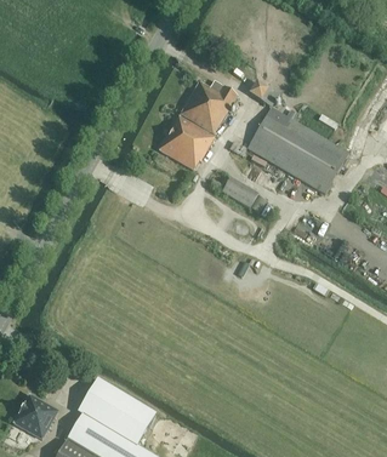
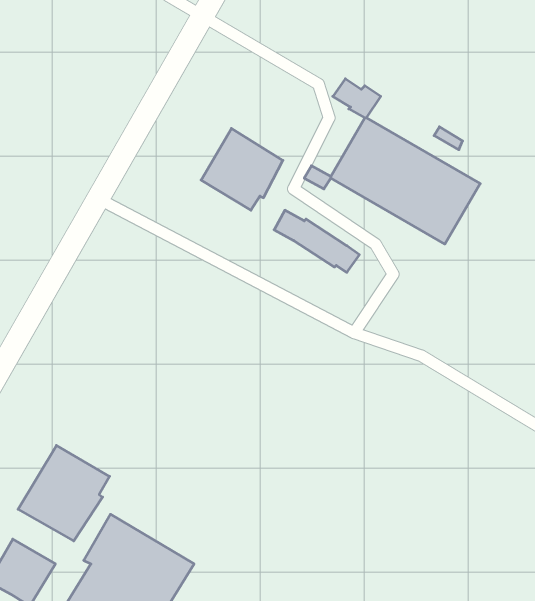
building: [180,80,238,136] -> none
building: none -> [18,445,110,541]

